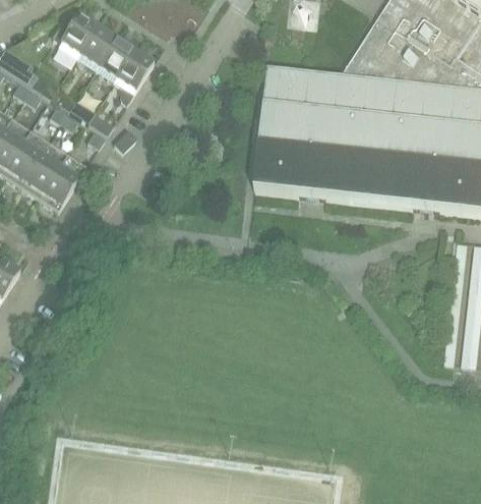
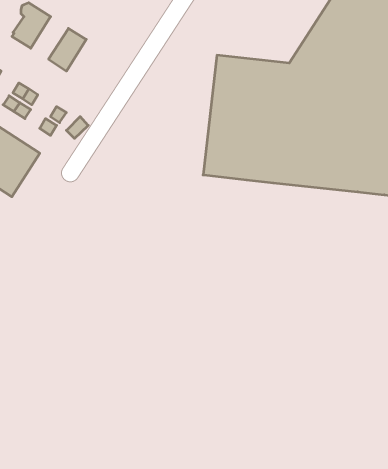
building: [77,23,116,67] -> none
building: [114,47,154,102] -> none

